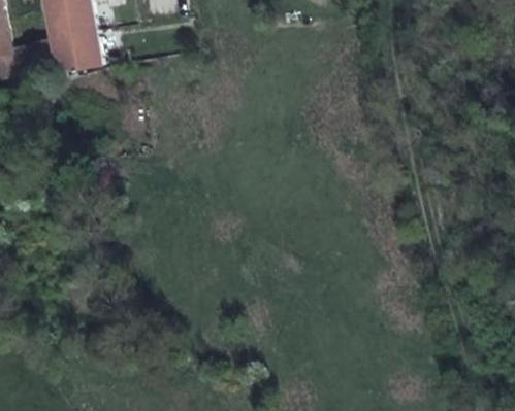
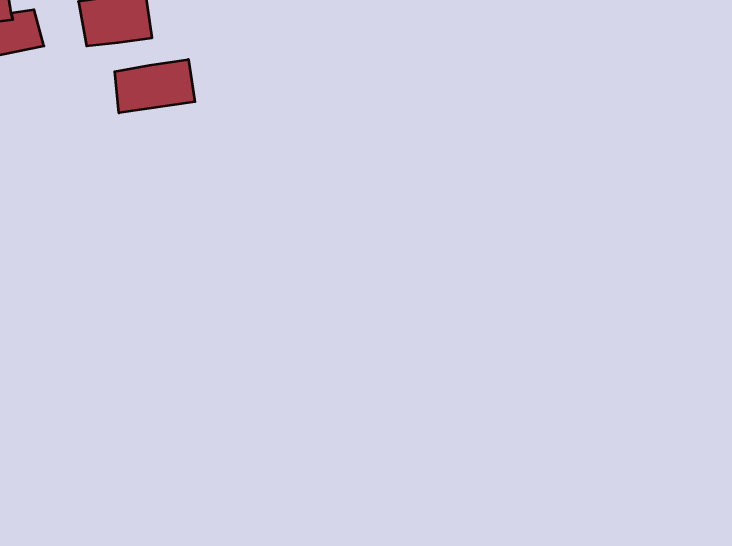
building: none -> [115,59,195,113]

